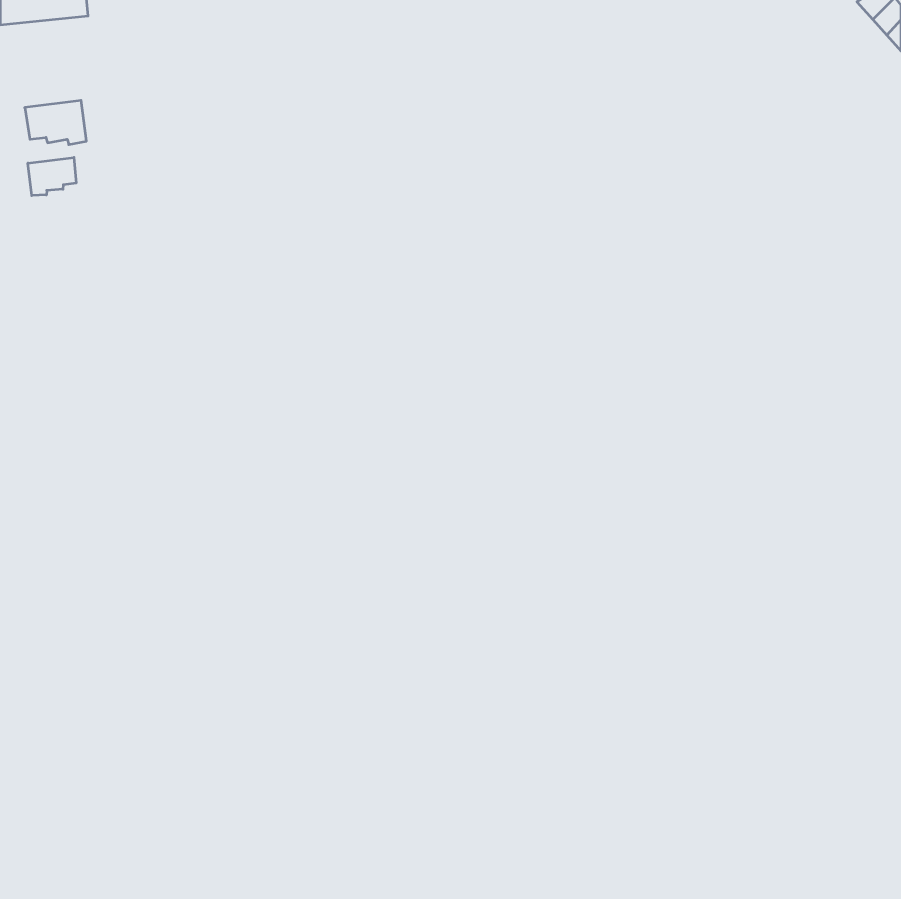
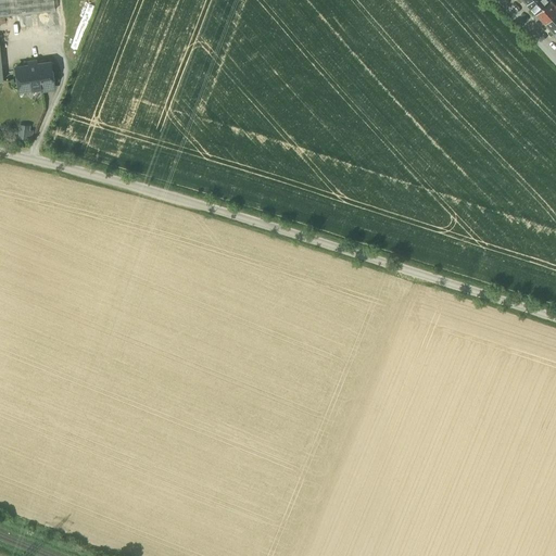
building: [28,157,76,196] -> none

